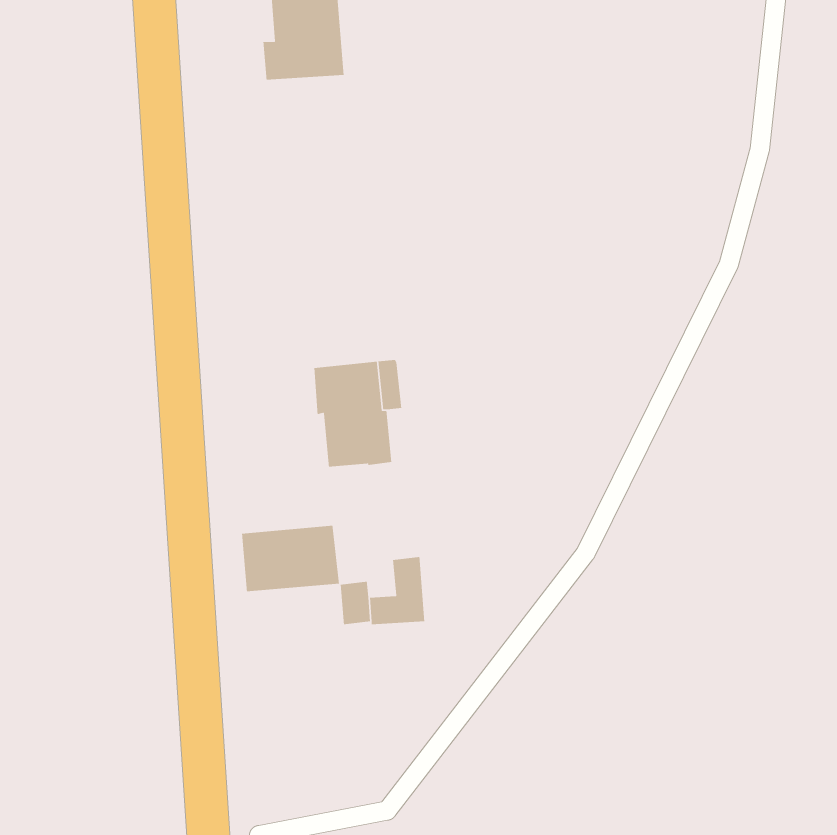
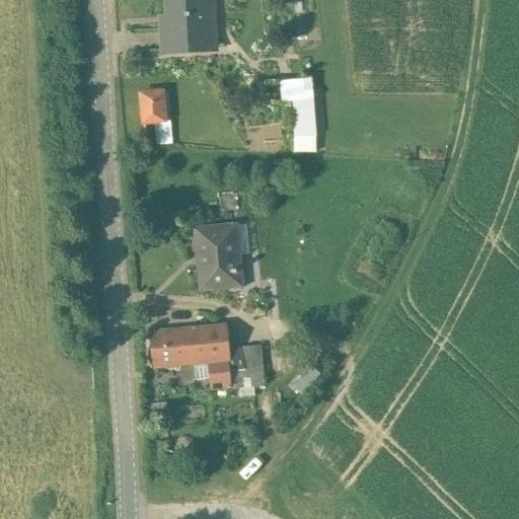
building: none -> [281,76,317,151]
building: none -> [139,89,164,123]
building: none -> [206,323,227,361]

